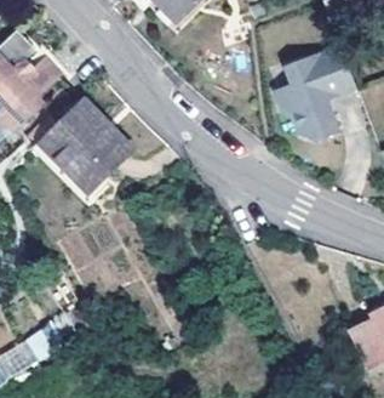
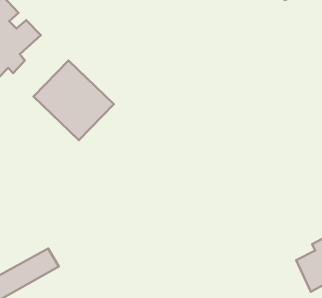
building: [275,44,355,138] -> none

